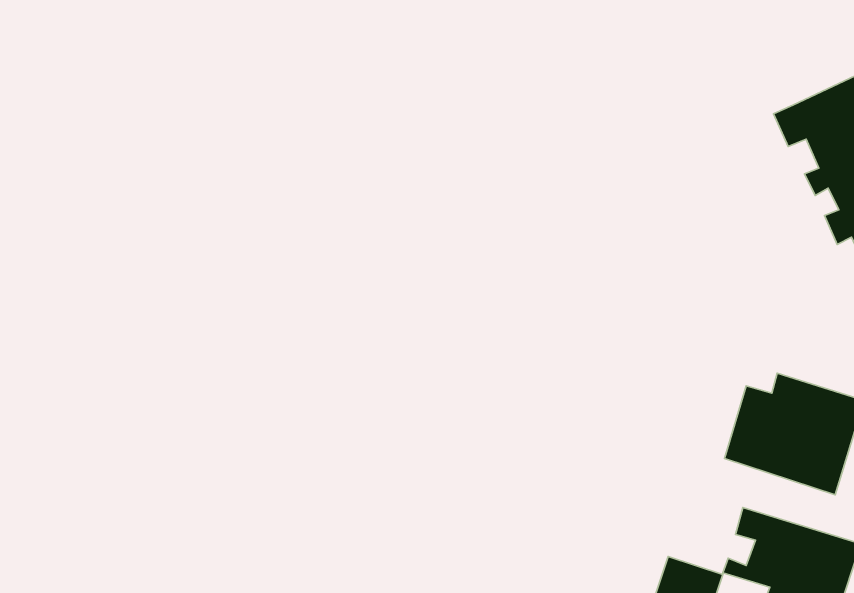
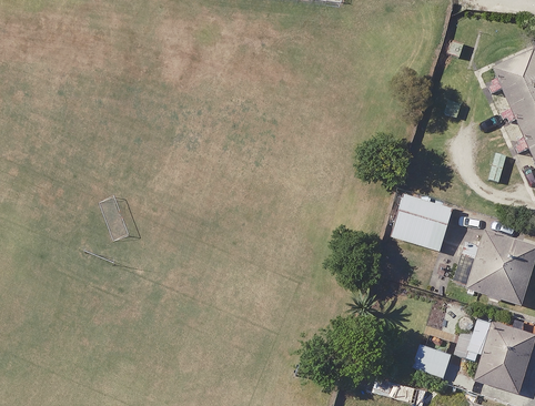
building: none -> [390,193,454,252]

